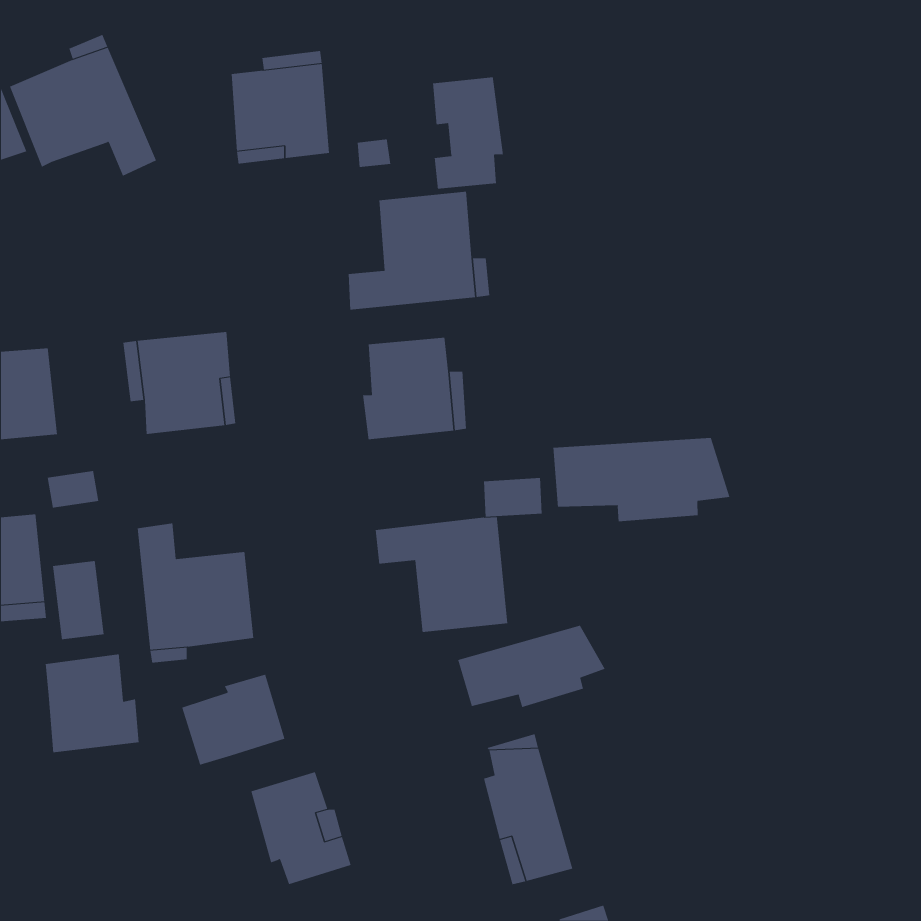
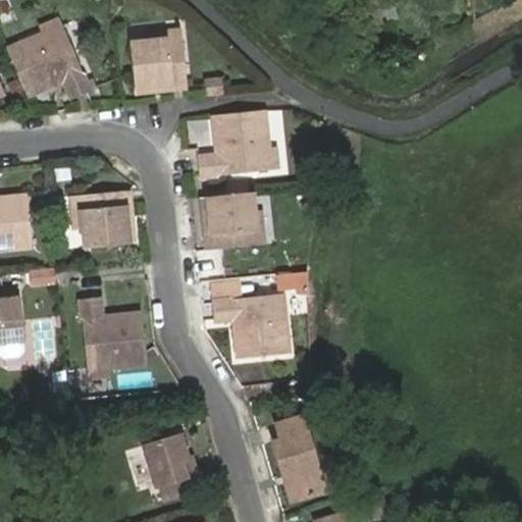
building: [433,76,503,189] -> none
building: [553,437,730,522] -> none
building: [457,625,606,708] -> none
building: [45,654,139,753] -> none
building: [181,674,285,766] -> none

